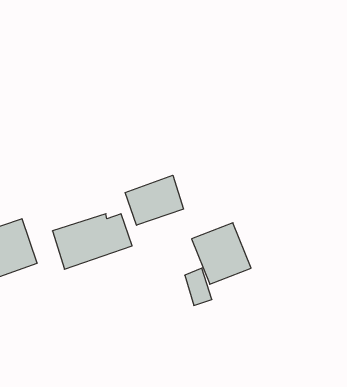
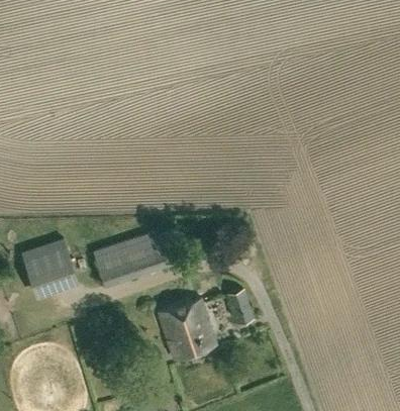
building: [125,175,184,225] -> none
building: [192,223,251,284] -> [158,299,217,361]

